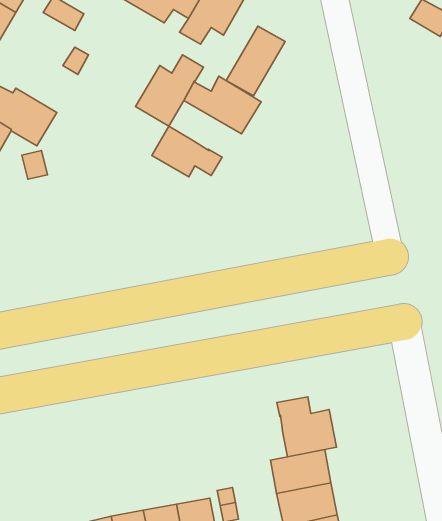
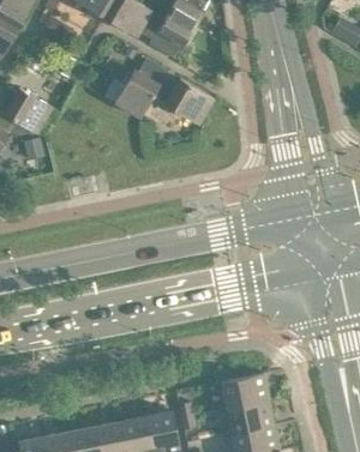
building: [226,26,285,96] -> none
building: [152,126,222,177] -> none
building: [277,397,336,457] -> none

